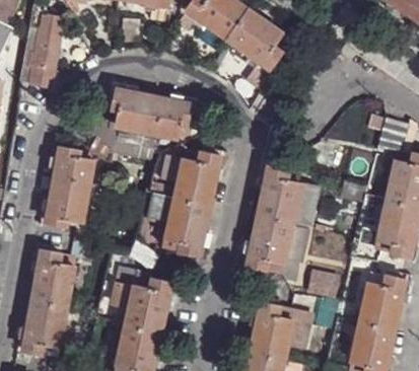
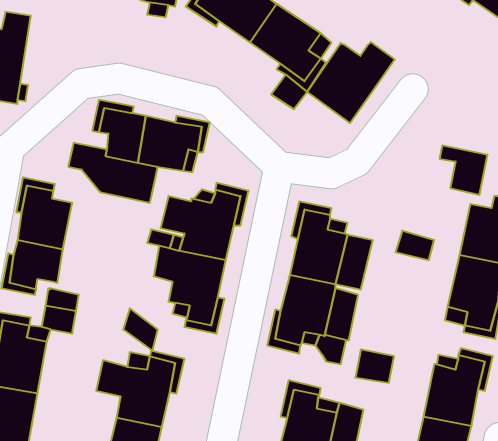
building: none -> [307,42,395,123]

